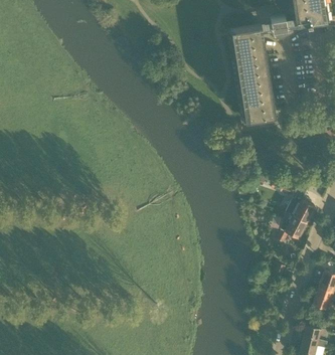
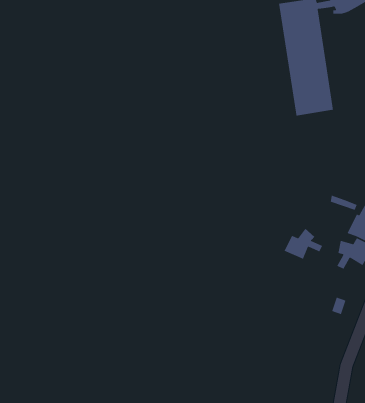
building: none -> [283,228,323,260]

